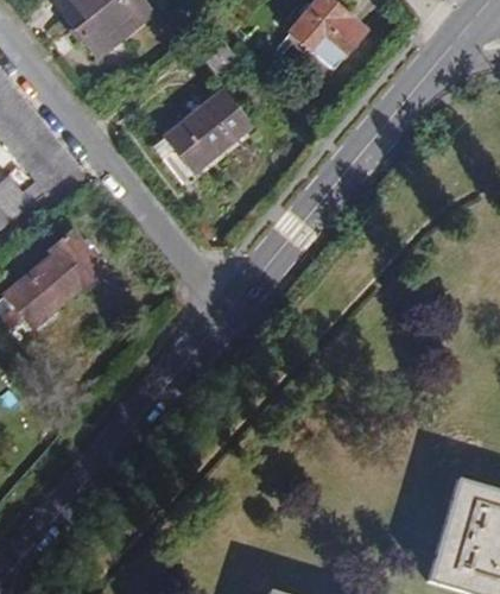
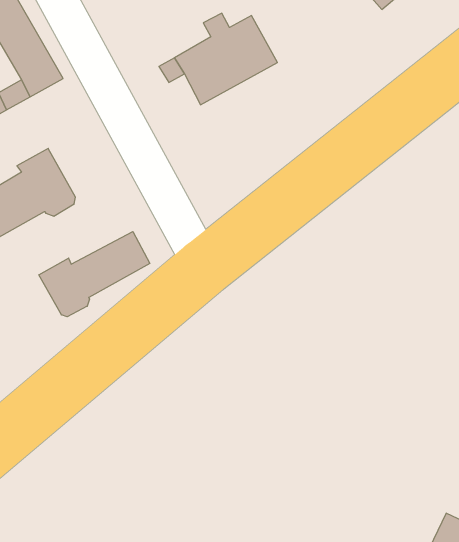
building: none -> [39,232,150,317]

